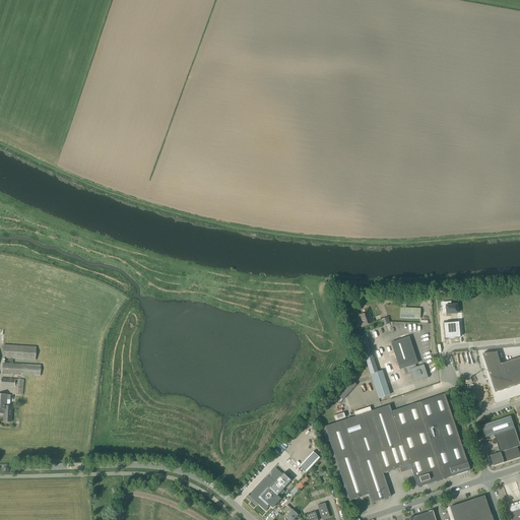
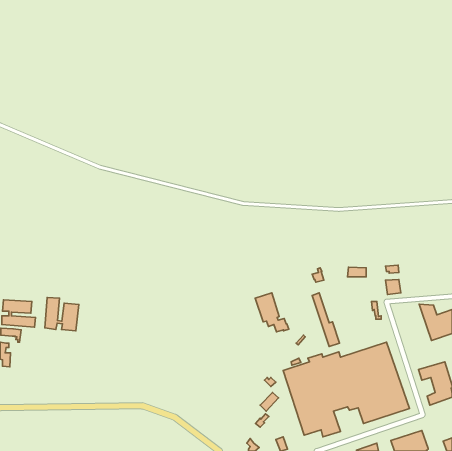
building: [390,335,429,380] -> [255,293,289,332]
building: none -> [45,297,79,331]
building: [248,467,290,511] -> none

